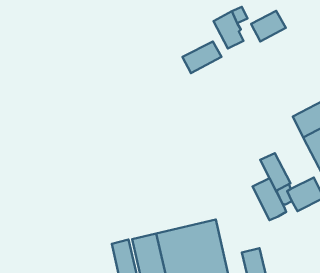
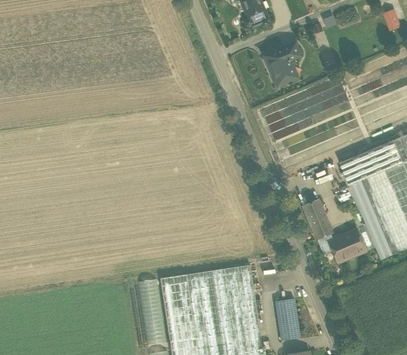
building: [251,11,286,42] -> none
building: [183,41,221,73] -> none
building: [253,178,286,220] -> none

